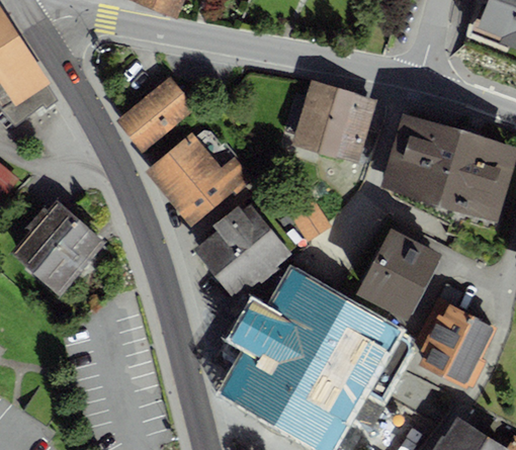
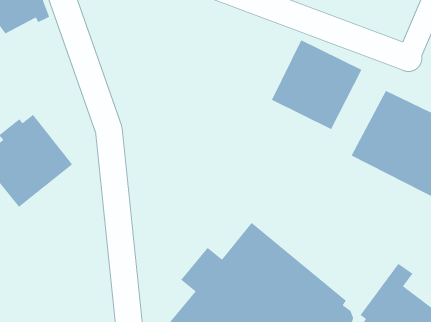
building: [119,76,195,151] -> none
building: [147,132,253,226] -> none
building: [193,202,290,298] -> none
building: [355,228,441,320] -> none

